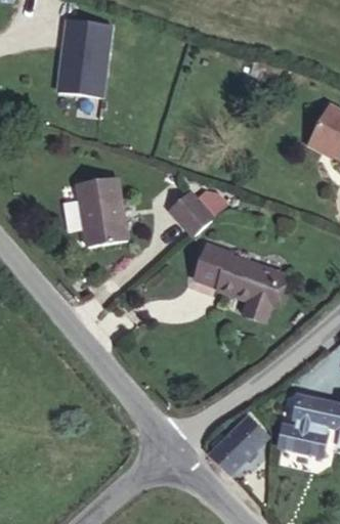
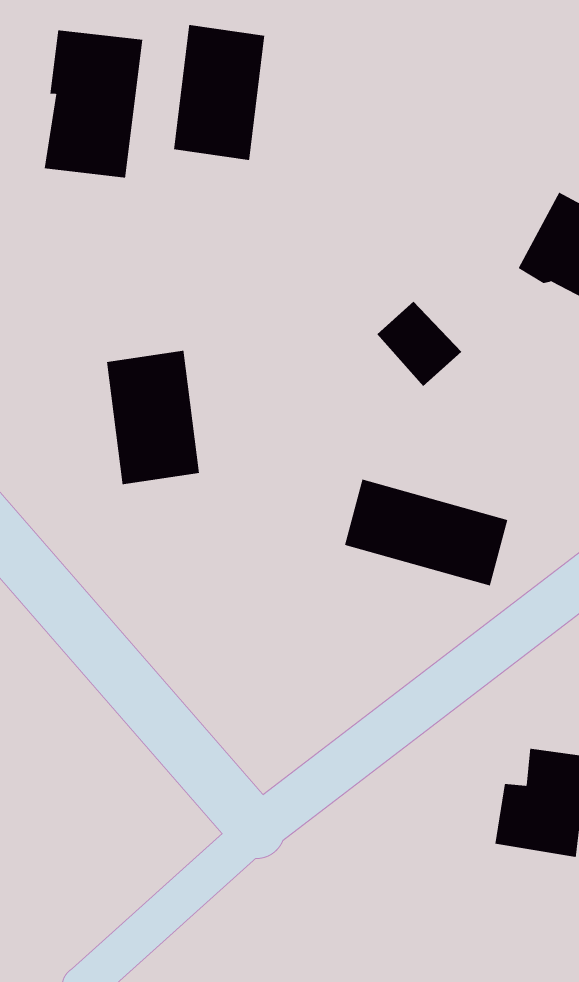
building: none -> [174,24,265,161]
building: [175,196,220,242] -> [376,301,462,387]
building: [212,416,267,468] -> none

